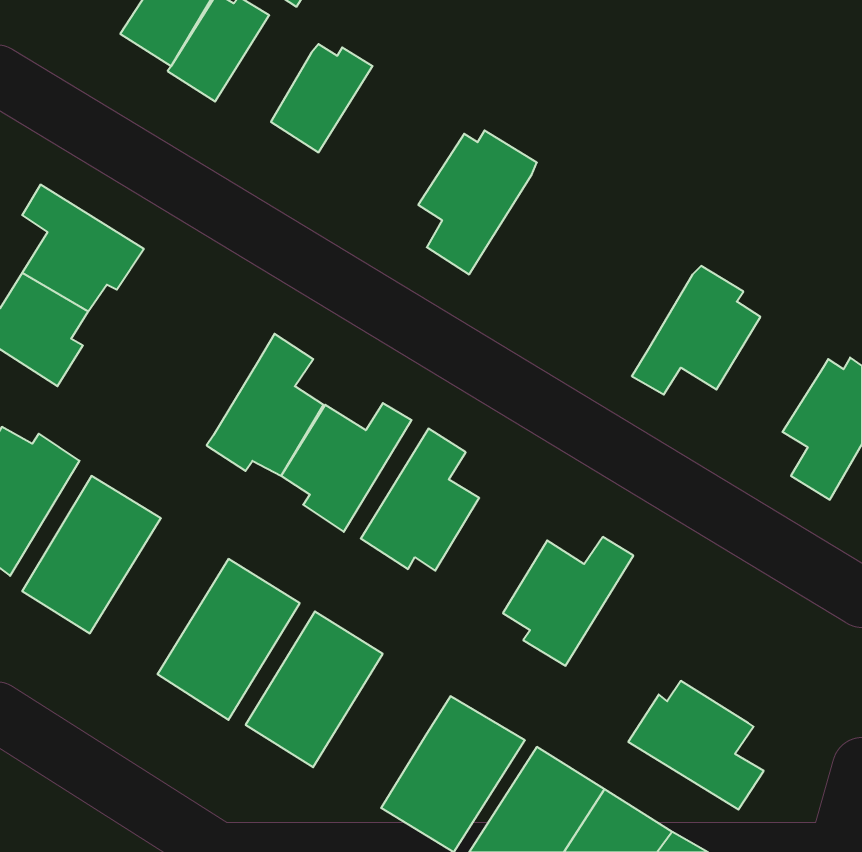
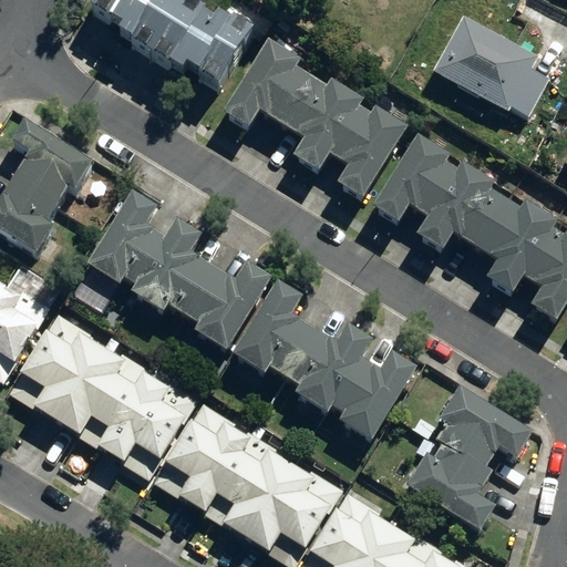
building: none -> [141,10,204,86]
building: none -> [423,18,540,117]
building: none -> [212,48,303,135]
building: none -> [318,113,396,207]
building: none -> [367,145,453,233]
building: none -> [91,192,168,285]
building: none -> [468,207,546,300]
building: none -> [285,324,369,408]
building: none -> [59,339,150,441]
building: none -> [442,389,536,473]
building: none -> [205,427,295,528]

